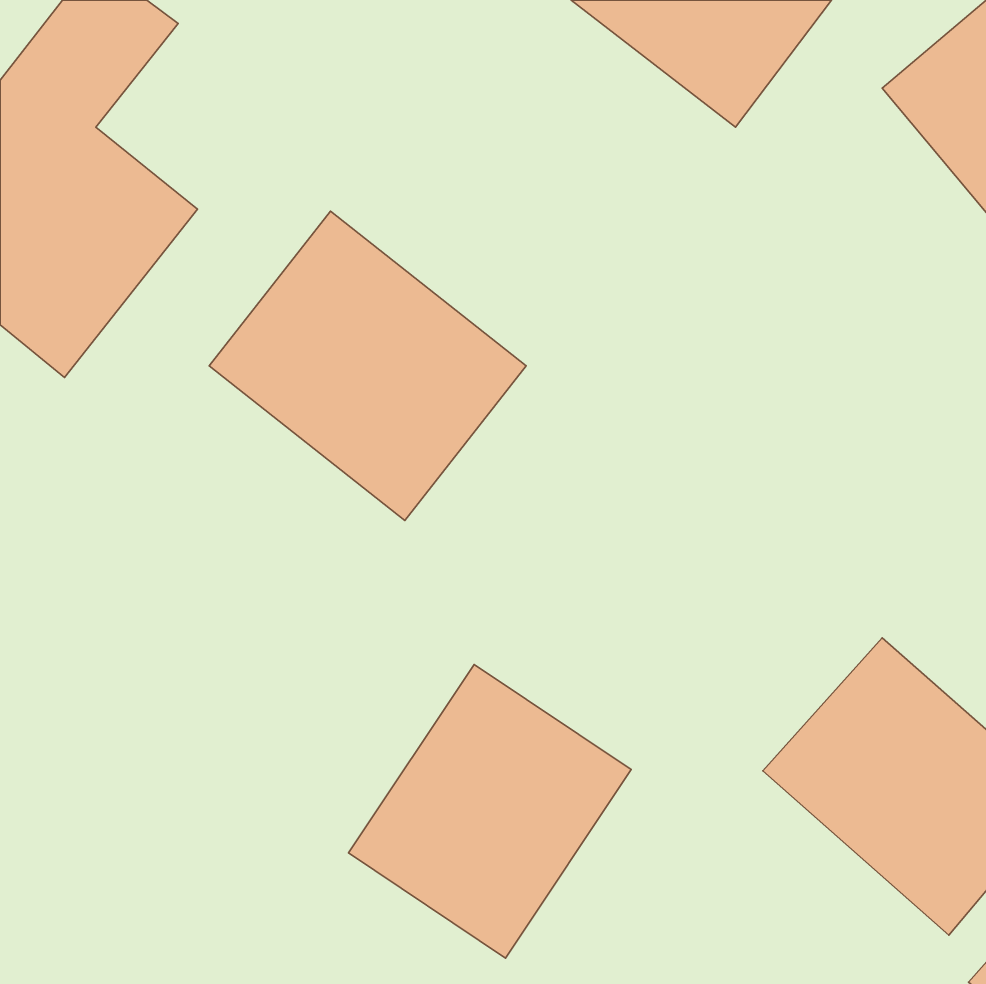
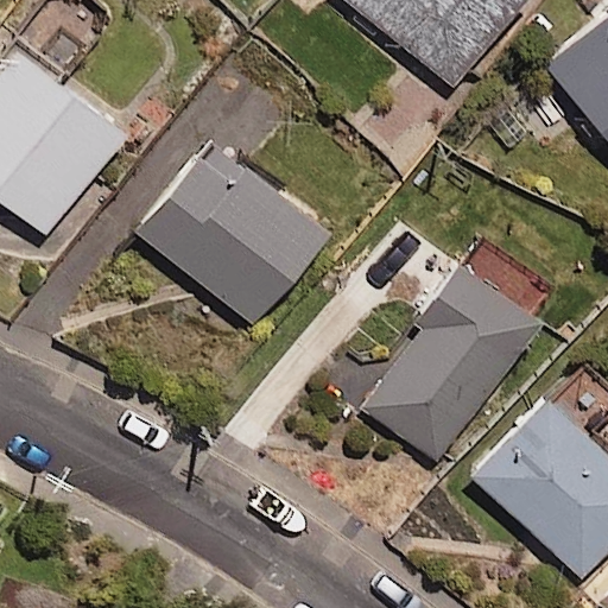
building: none -> [362,255,540,463]
building: [349,664,631,958] -> none

